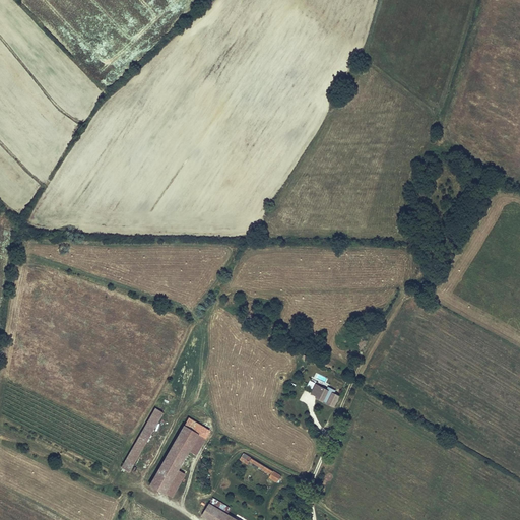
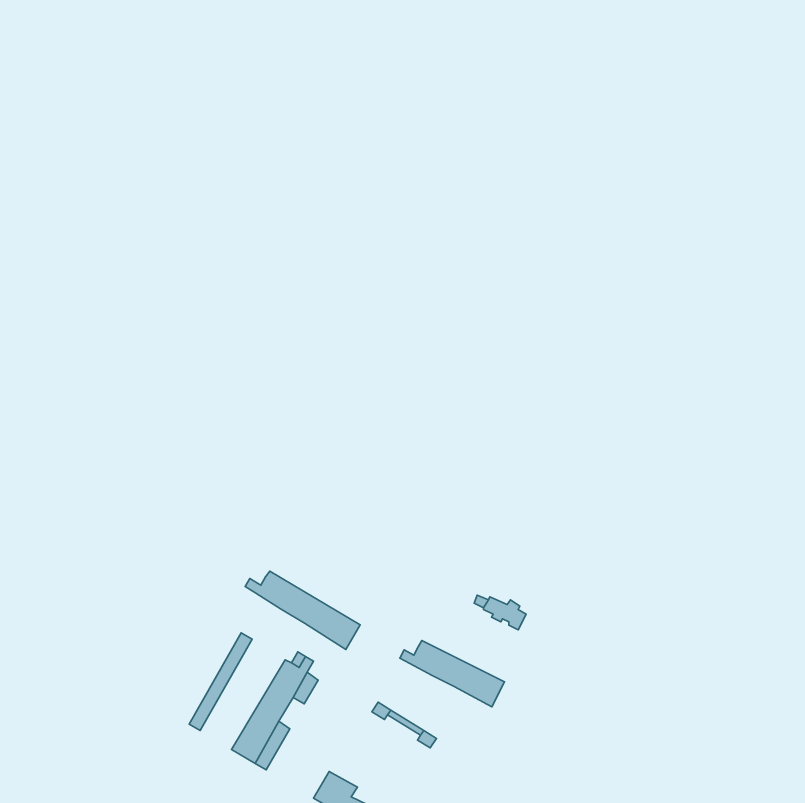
building: none -> [245,571,360,649]
building: none -> [400,641,504,707]

